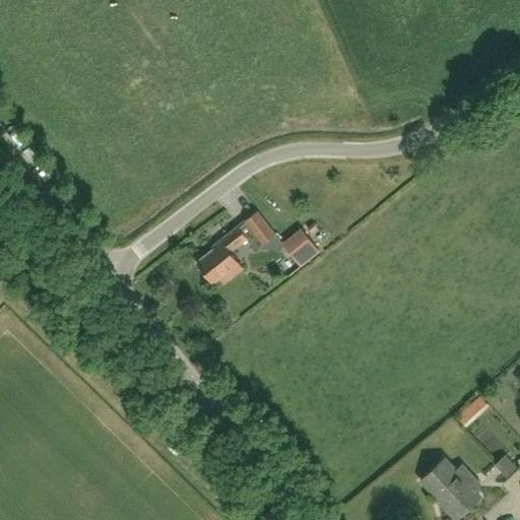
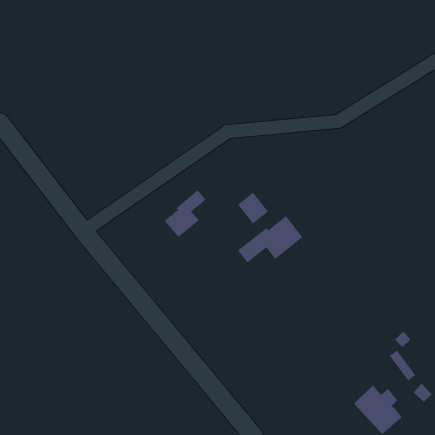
building: [245,211,277,246] -> none
building: none -> [237,215,303,263]

